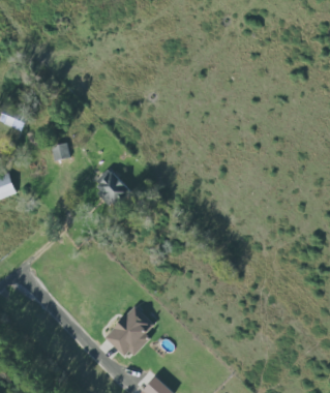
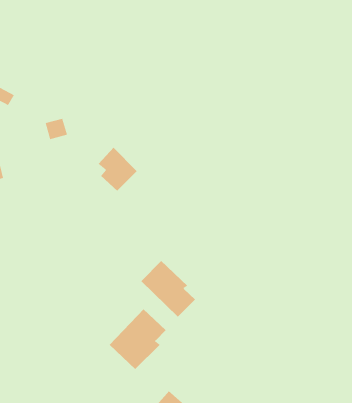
building: none -> [140,260,196,318]

